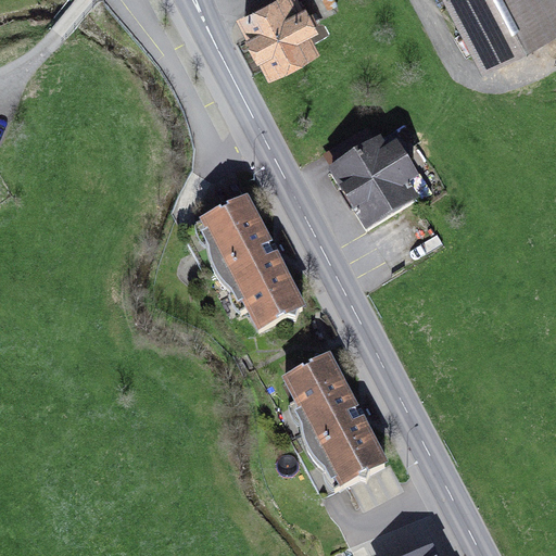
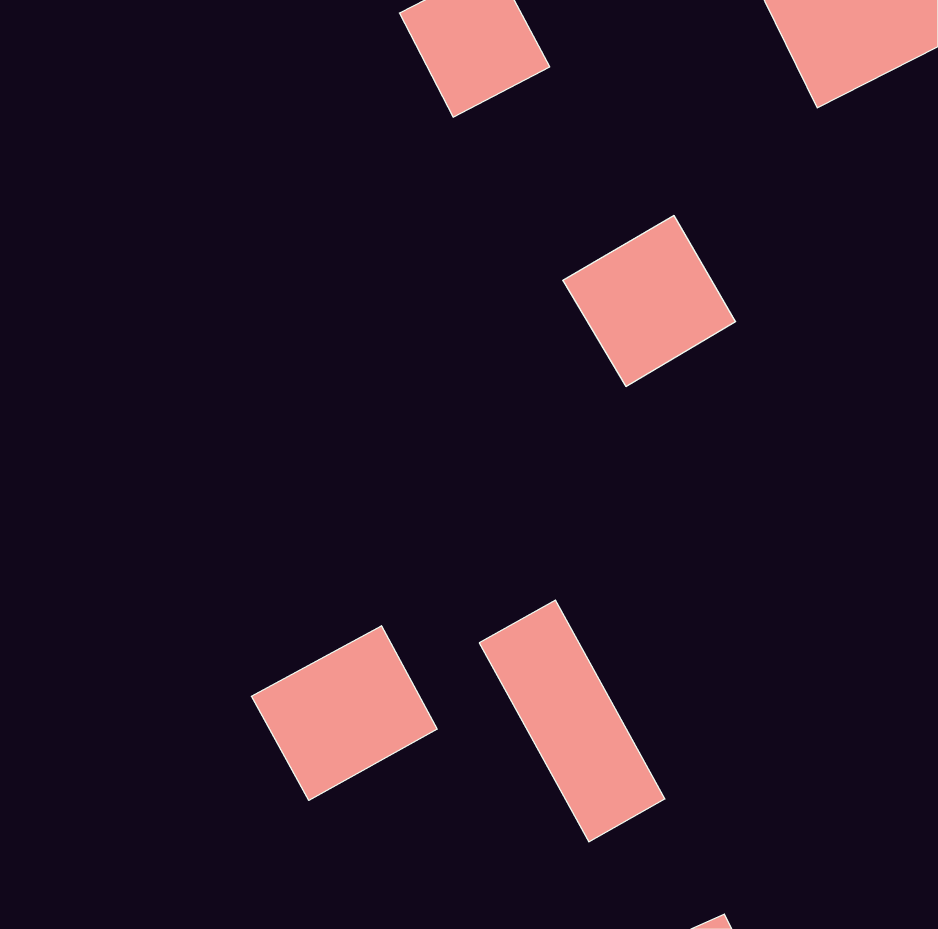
building: [197,193,305,329] -> none
building: none -> [251,626,437,800]

